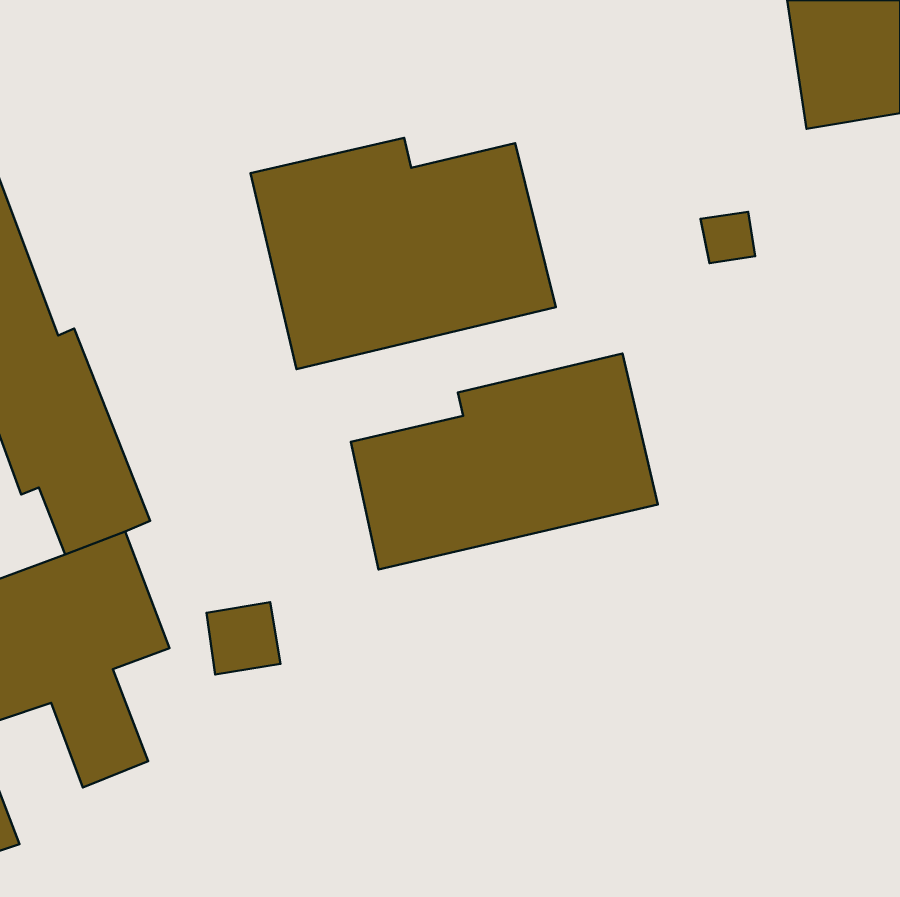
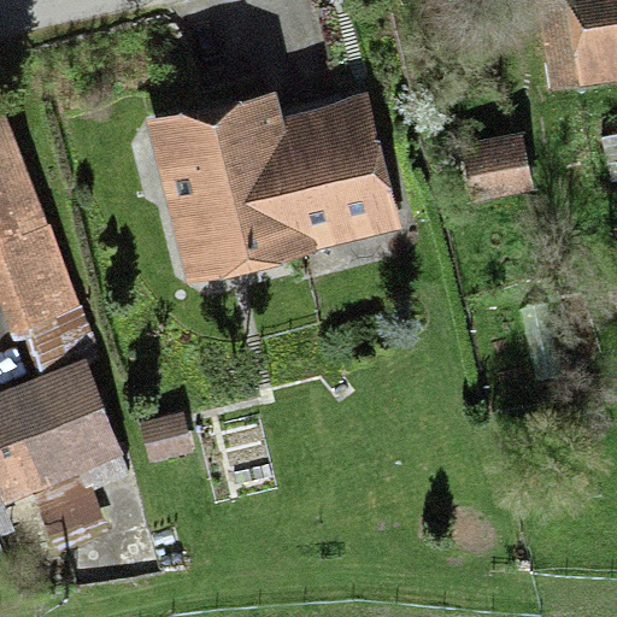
building: [351,353,658,569] -> none

